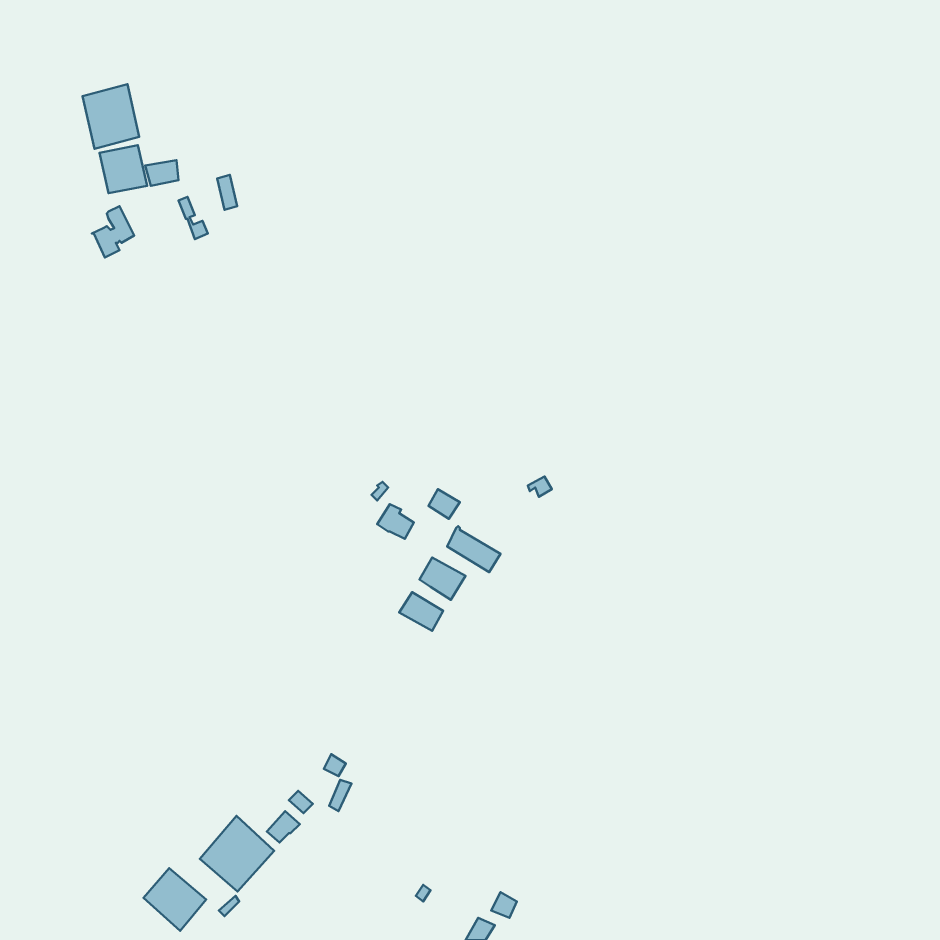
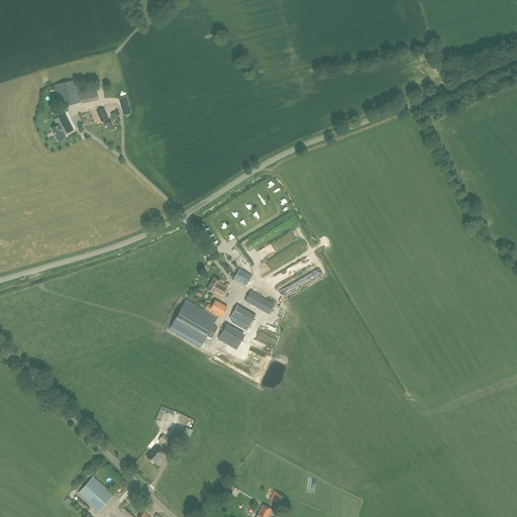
building: [82,84,139,149] -> none
building: none -> [170,299,227,346]
building: [200,816,274,891] -> none

